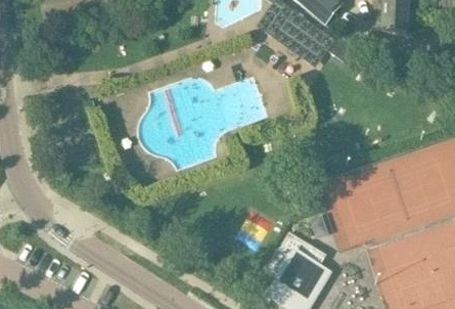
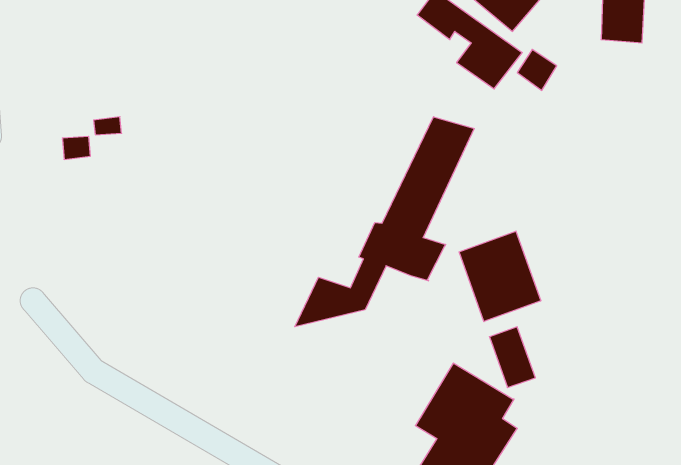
building: none -> [295,117,474,327]
building: none -> [459,231,541,322]

